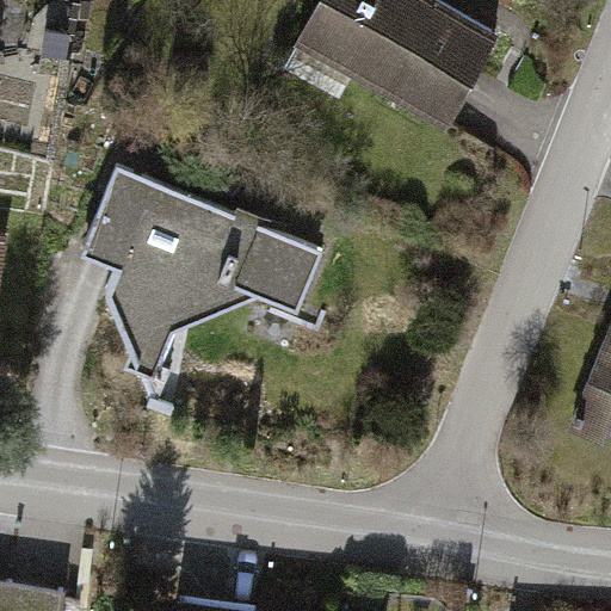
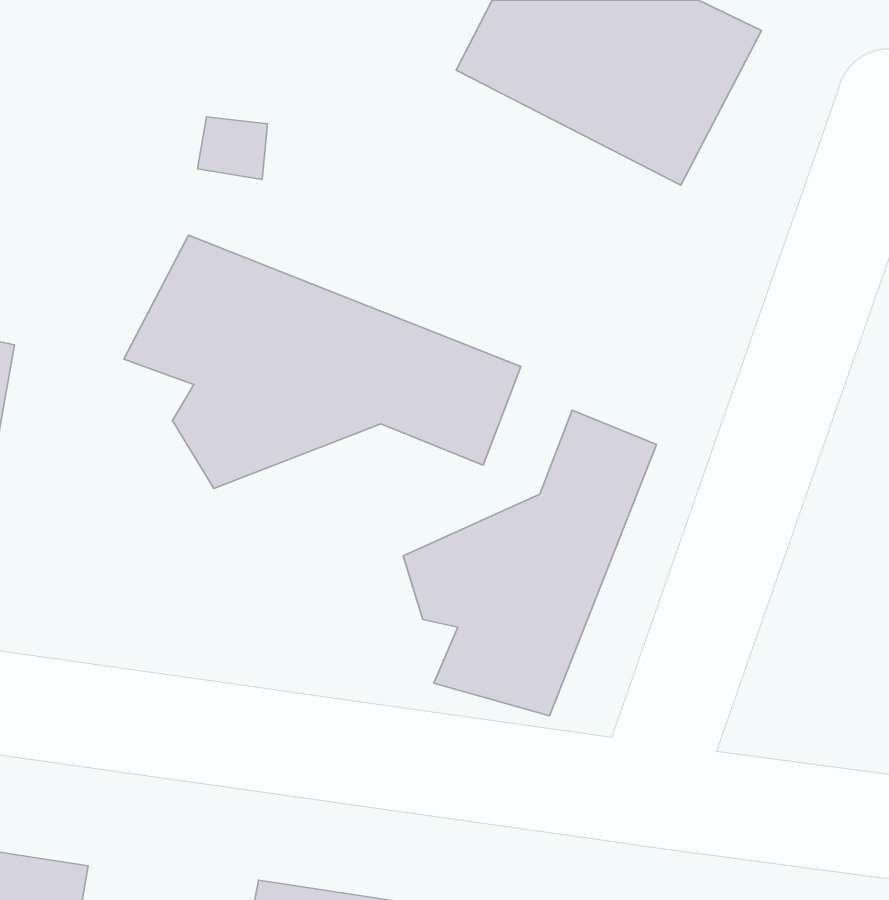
building: none -> [403,410,657,716]

